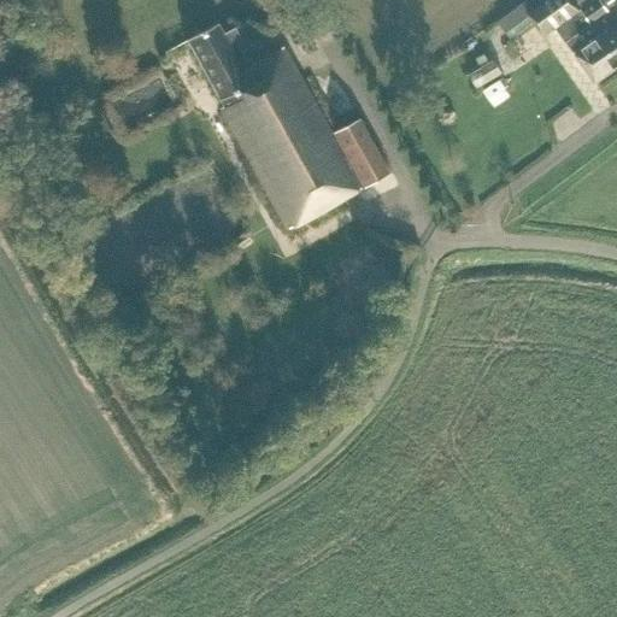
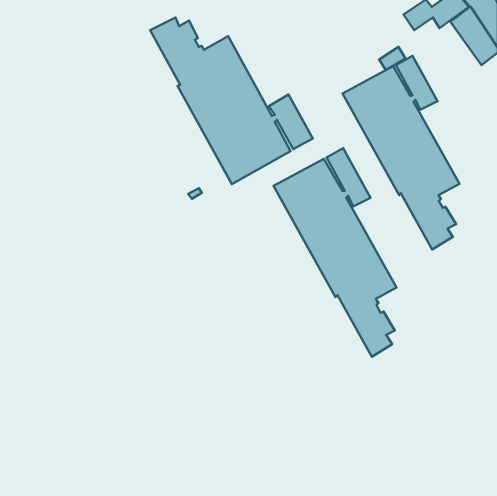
building: none -> [343,56,460,250]
building: none -> [274,148,397,357]

